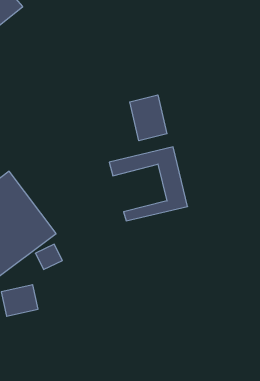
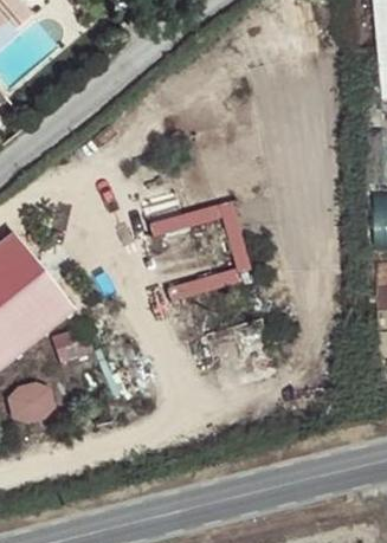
building: [130,95,167,141] -> none

